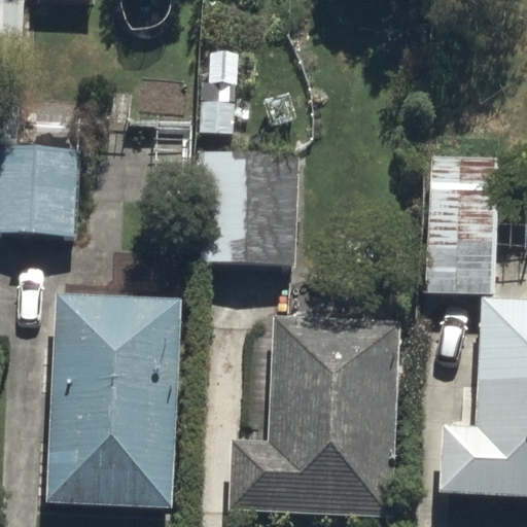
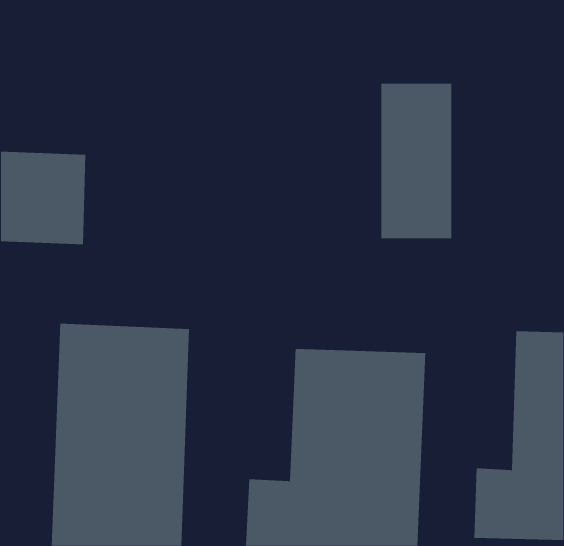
building: [428,152,495,297] -> [381,83,452,239]
building: [201,161,297,269] -> none

